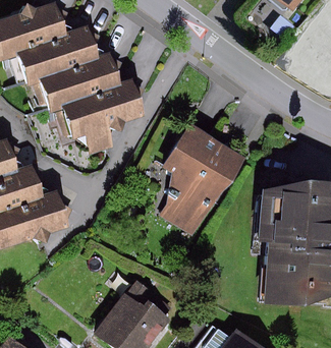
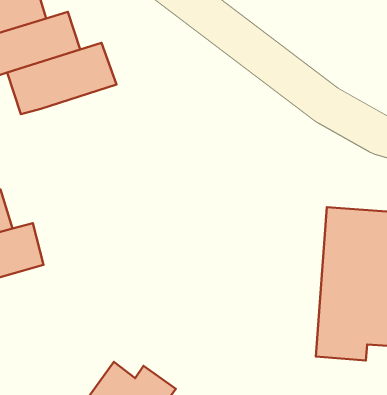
building: [63,84,141,152] -> none
building: [159,120,245,230] -> none

